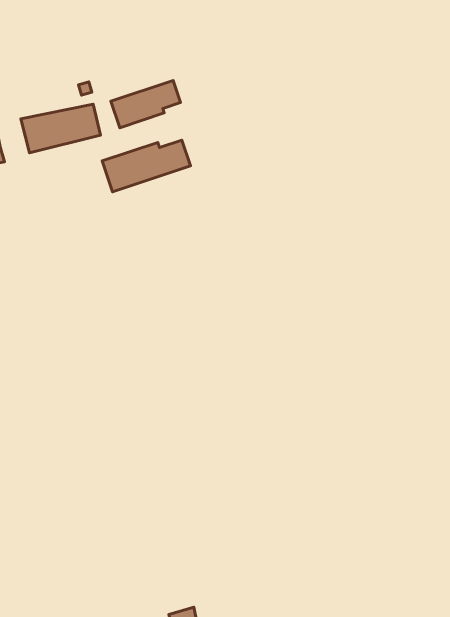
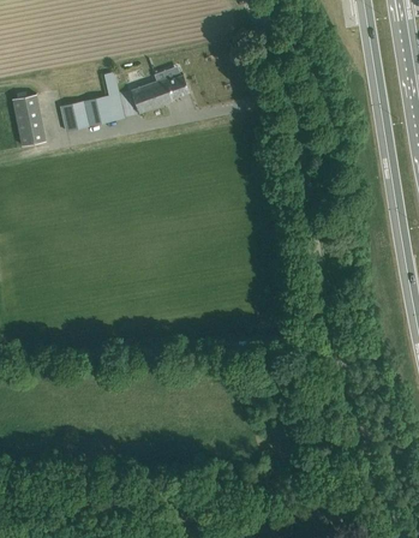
building: [102,140,190,192] -> none

